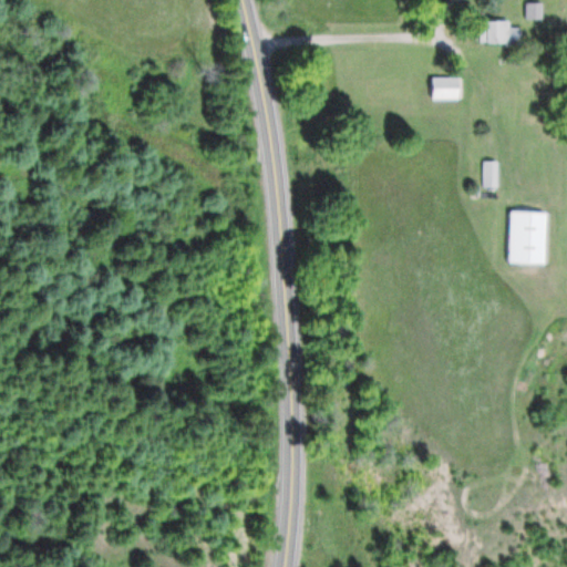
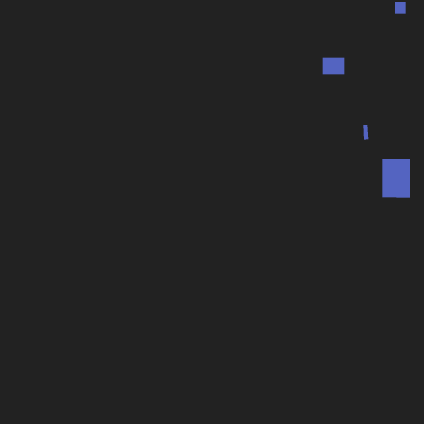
building: [489,20,519,43] -> none

